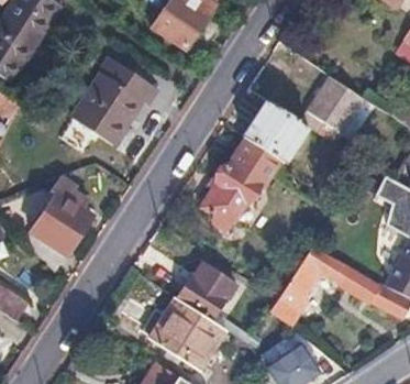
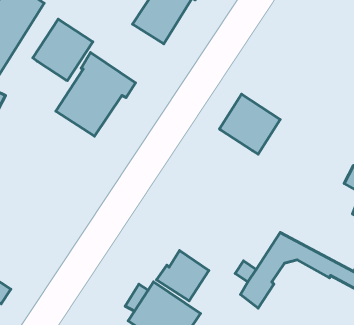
building: none -> [33,19,93,80]
building: [309,76,365,134] -> none
building: [202,138,280,229] -> none
building: [25,176,91,271] -> none

